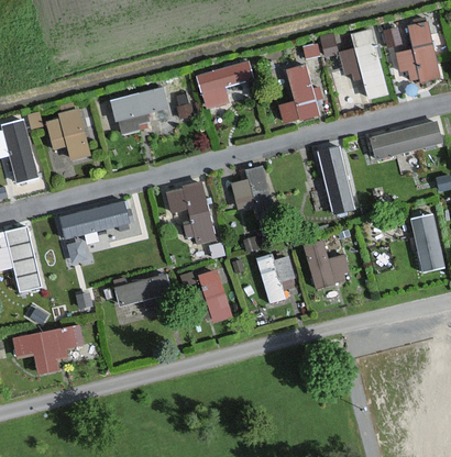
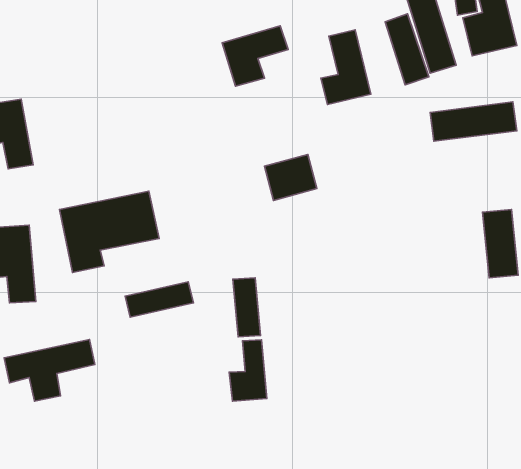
building: [110,88,167,116] -> none
building: [44,109,90,161] -> none
building: [316,144,362,215] -> none
building: [163,181,214,244] -> none
building: [305,242,352,286] -> none
building: [257,254,294,305] -> none
building: none -> [229,340,267,401]

